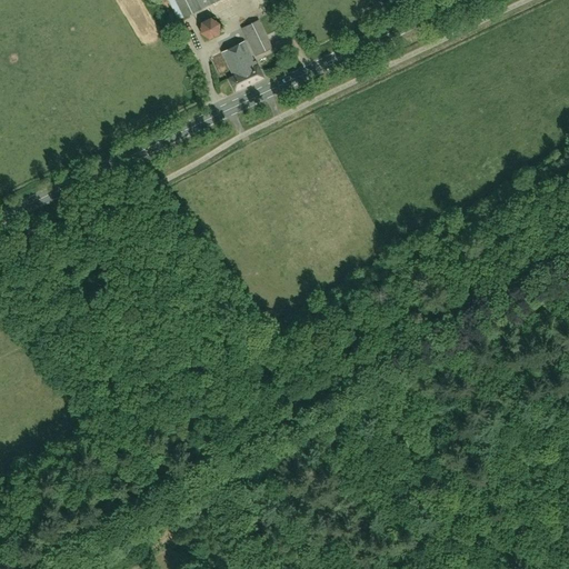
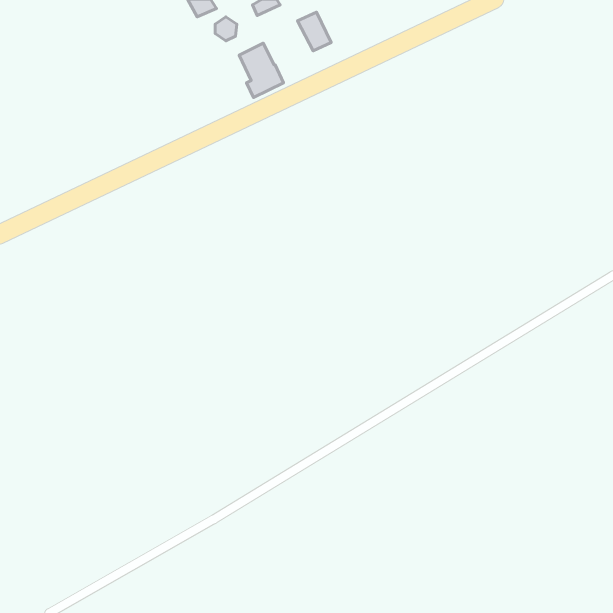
building: [240,19,271,54] -> [297,12,331,51]

